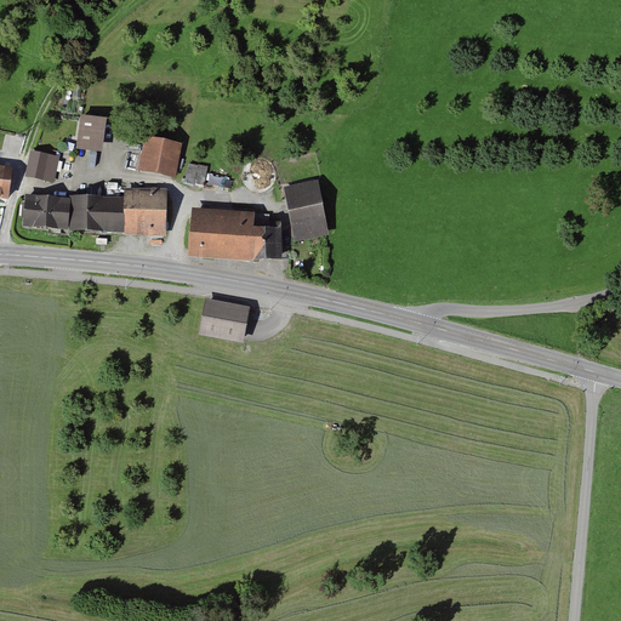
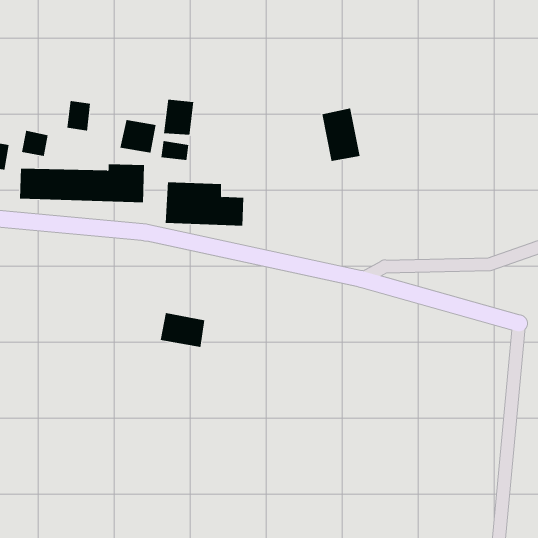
building: none -> [163,99,194,136]
building: [283,177,327,239] -> [321,108,360,162]
building: [198,300,250,340] -> [160,313,205,348]

